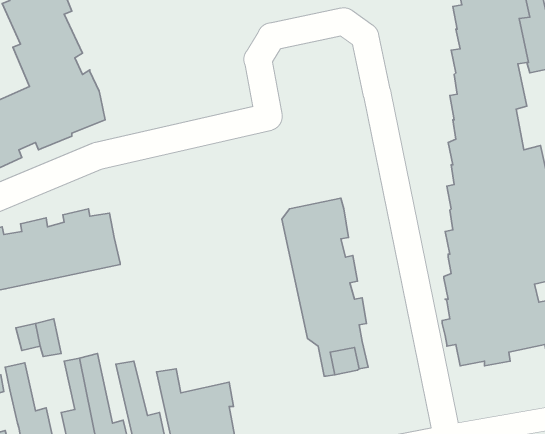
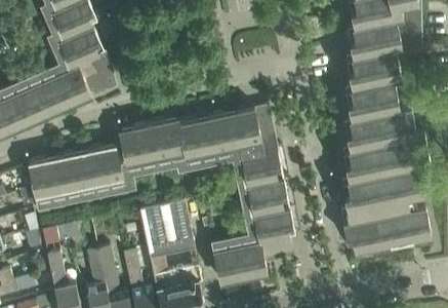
building: none -> [120,106,275,185]
building: none -> [139,198,195,258]
building: none -> [212,235,268,282]

